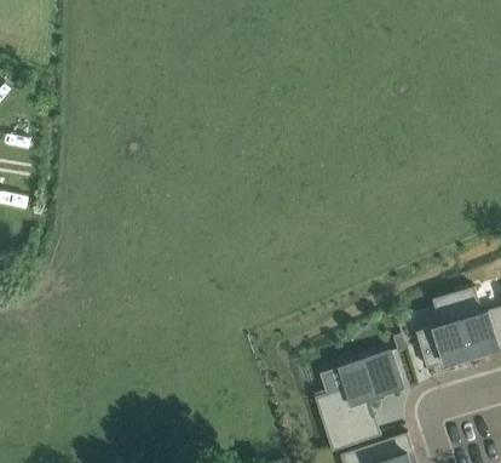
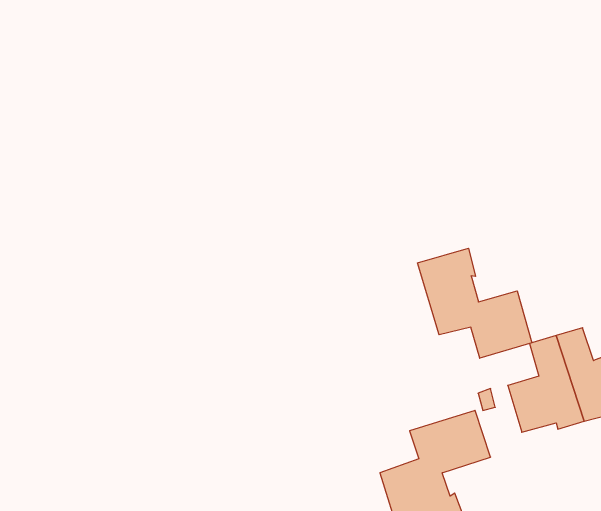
building: none -> [418,248,532,358]

